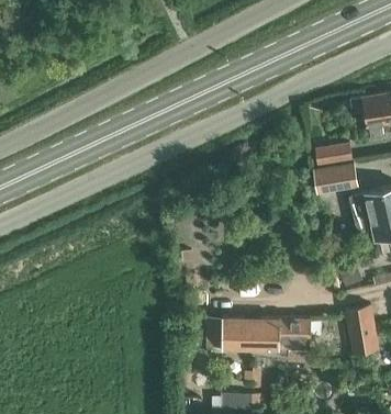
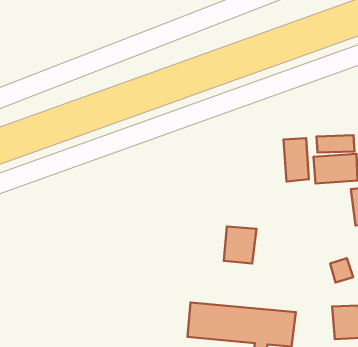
building: none -> [284,138,309,182]
building: none -> [224,227,257,263]

